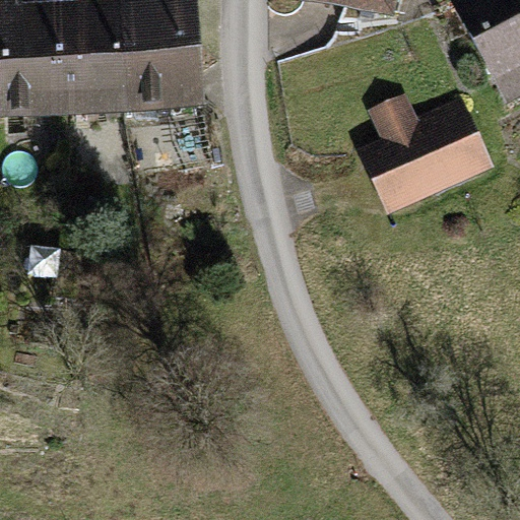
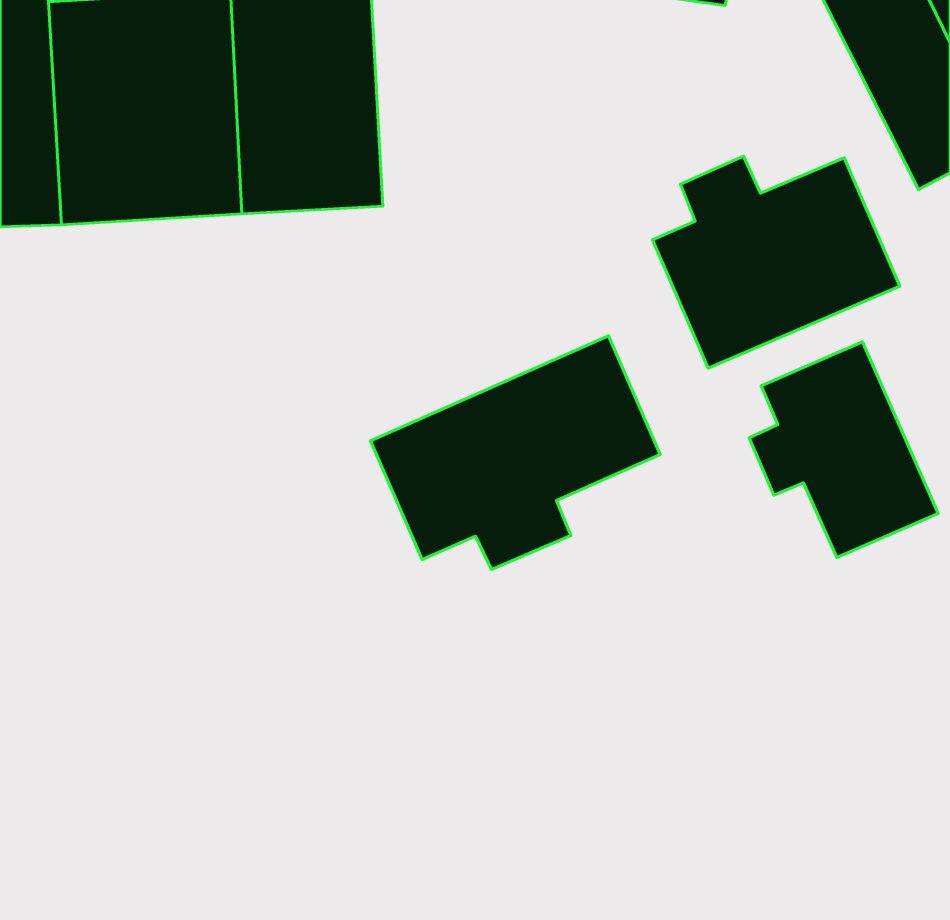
building: none -> [370,336,660,570]
building: none -> [749,342,938,557]

